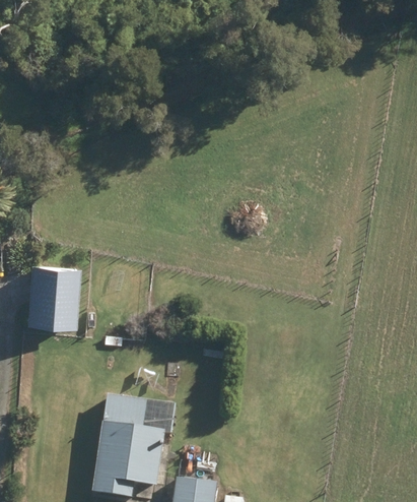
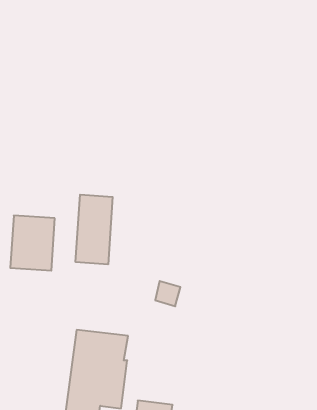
building: none -> [76,195,113,264]

